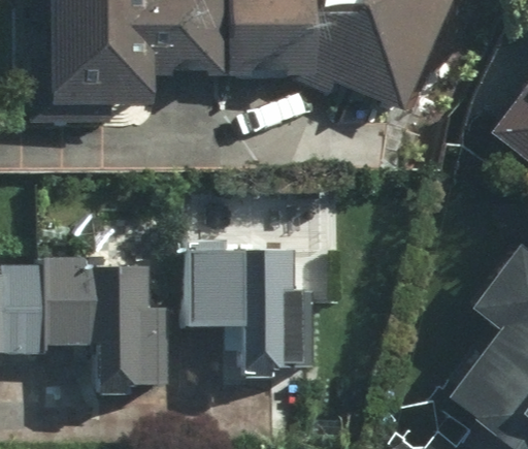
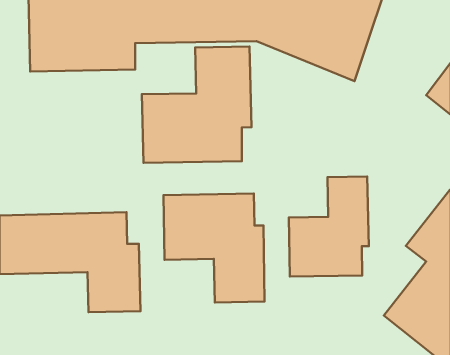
building: none -> [142,46,251,163]
building: none -> [289,177,369,277]

